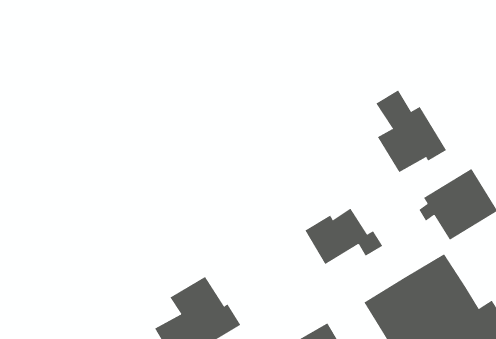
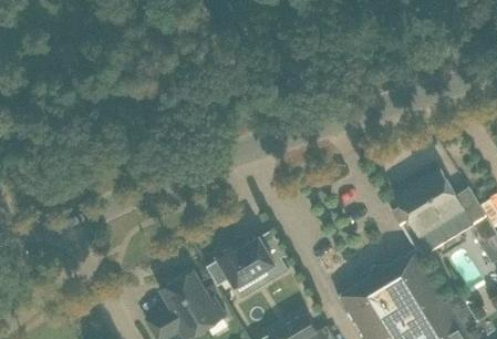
building: [376,89,447,173] -> none
building: [304,208,383,265] -> [217,237,290,290]

